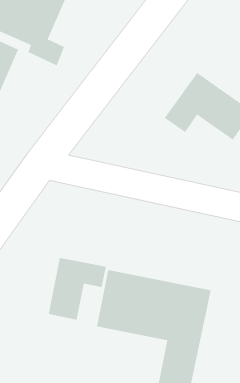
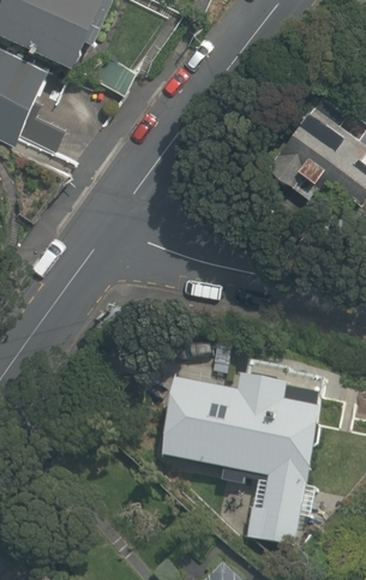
building: [48,257,107,320] -> none

